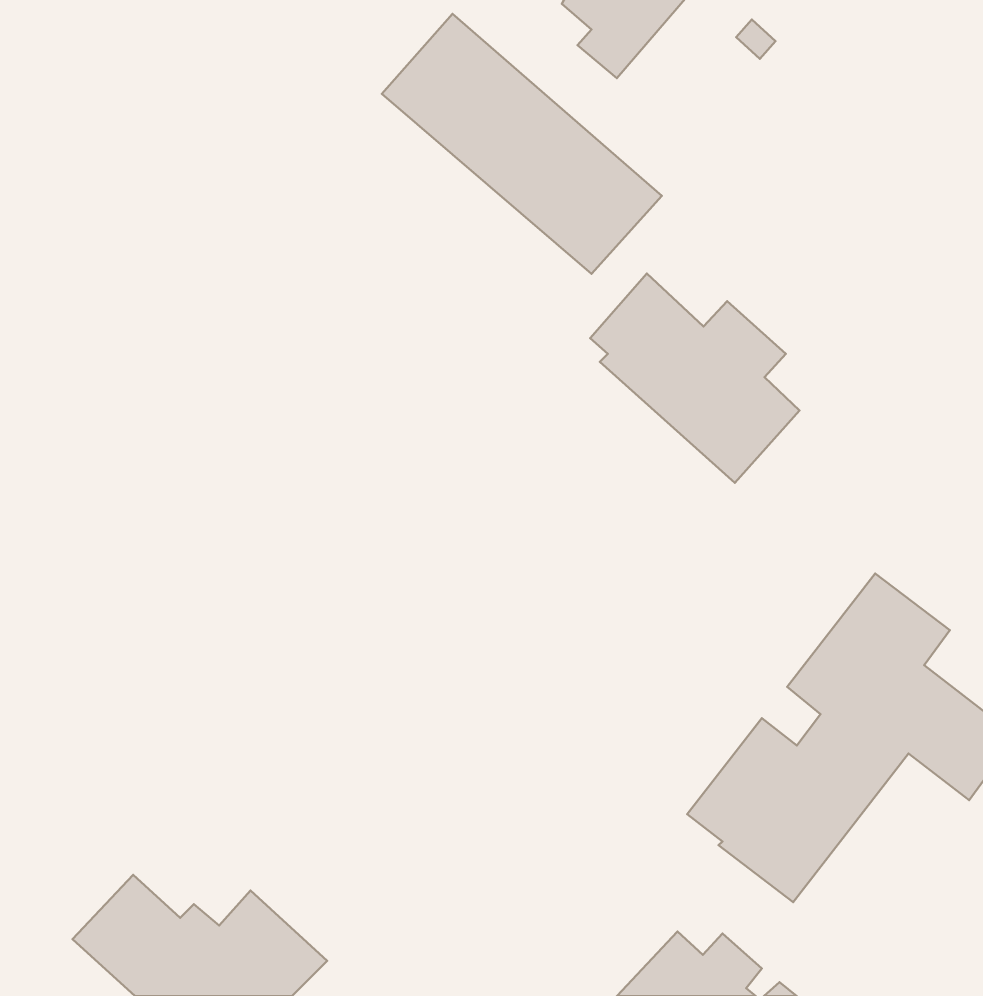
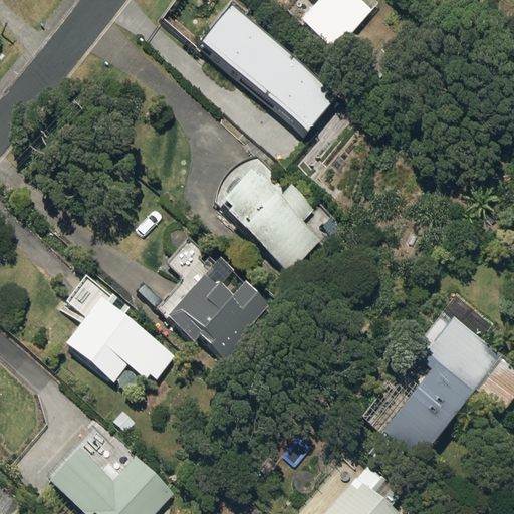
building: [590,274,800,483] -> [217,169,324,276]
building: none -> [174,259,270,365]
building: none -> [65,299,152,383]

